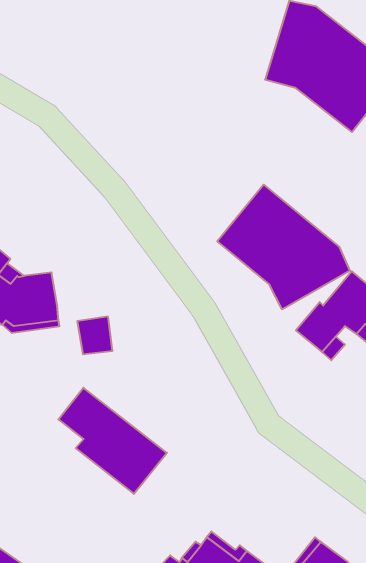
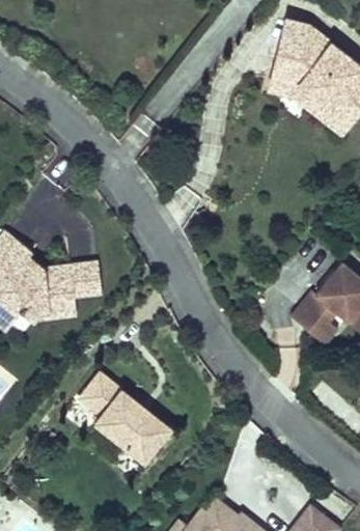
building: [217,185,350,309] -> none
building: [77,317,113,354] -> [70,261,102,296]

